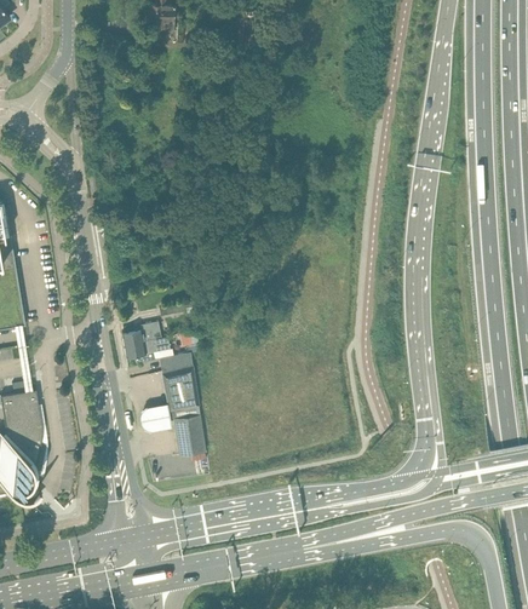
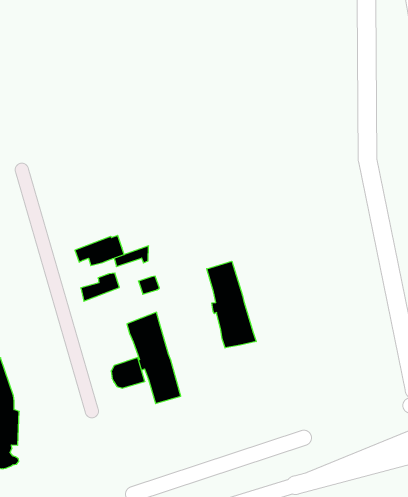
building: none -> [207,261,256,348]
building: [121,333,168,358] -> [75,235,124,266]

